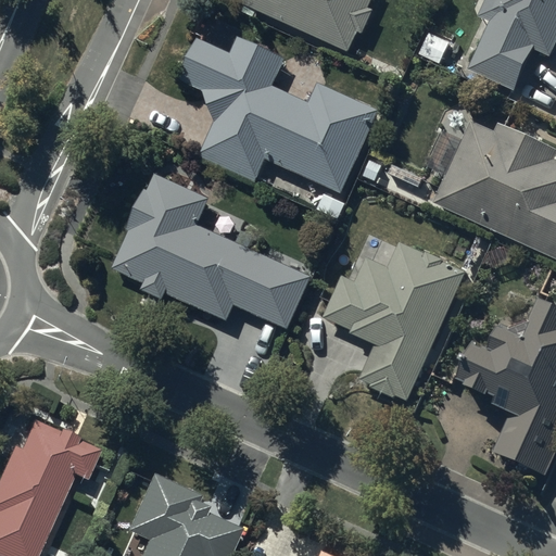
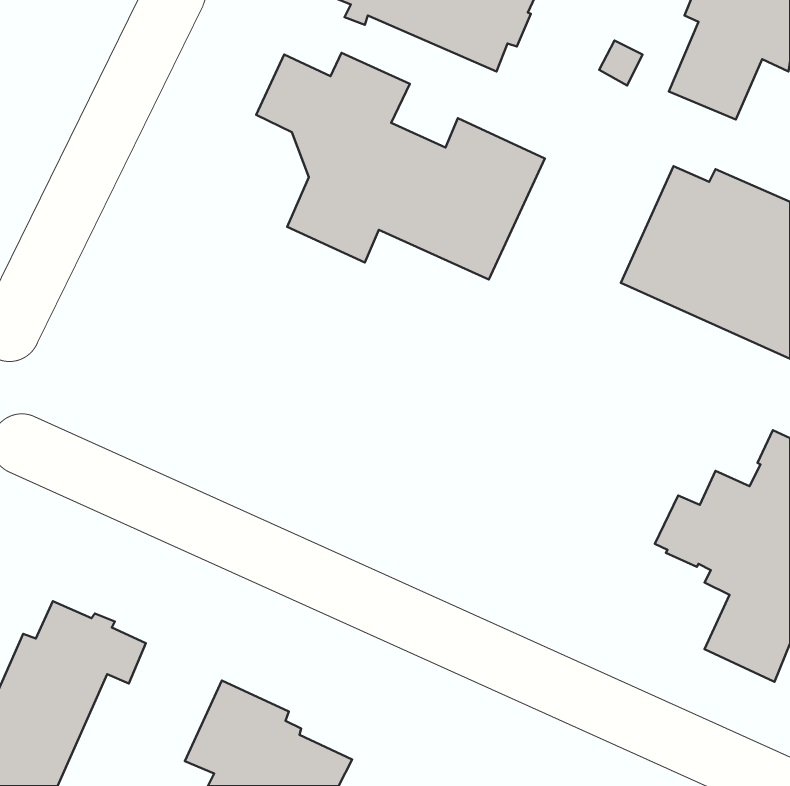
building: [111,177,311,330] -> none
building: [324,238,466,394] -> none

